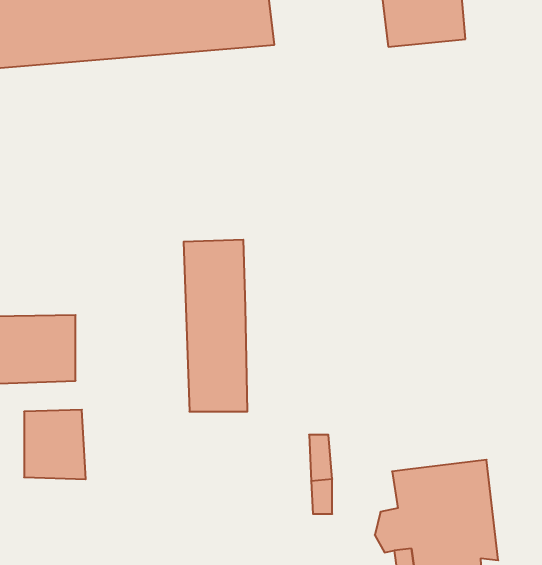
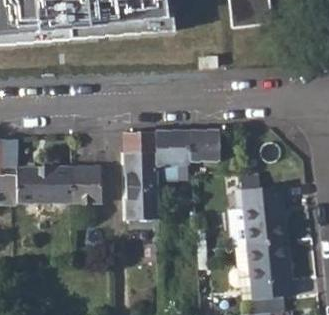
building: none -> [158,127,214,165]
building: none -> [229,171,284,249]
building: [24,410,86,479] -> [71,168,103,204]

